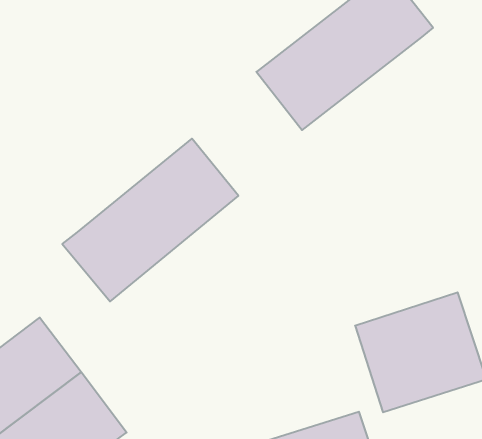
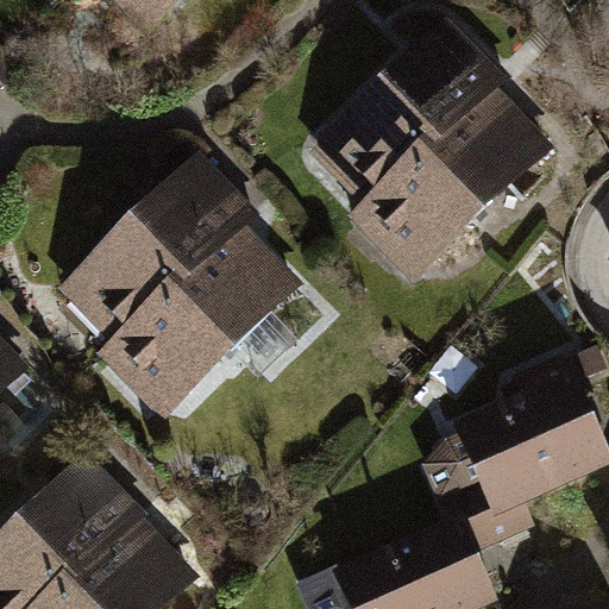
building: none -> [343,82,552,290]
building: none -> [57,150,255,349]

